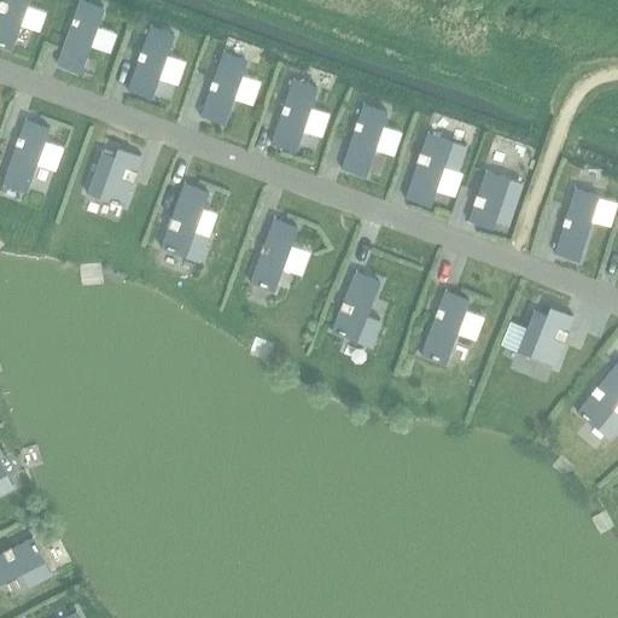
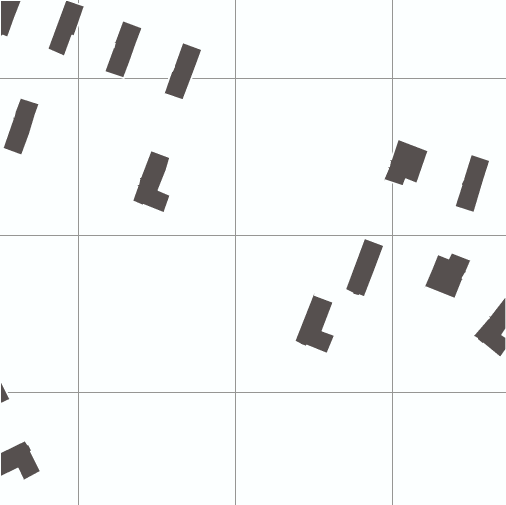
building: [270,78,316,150] -> none
building: [342,104,386,175] -> none
building: [404,133,467,205] -> none
building: [86,150,141,206] -> none
building: [250,217,297,290] -> none
building: [331,270,381,348] -> [294,292,335,356]

